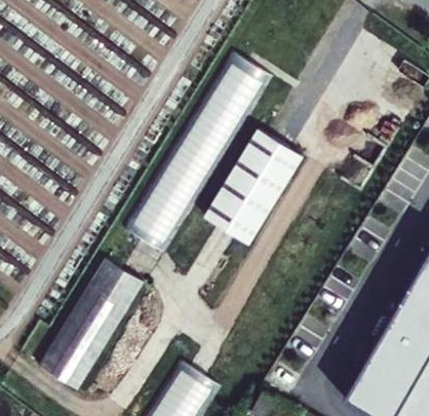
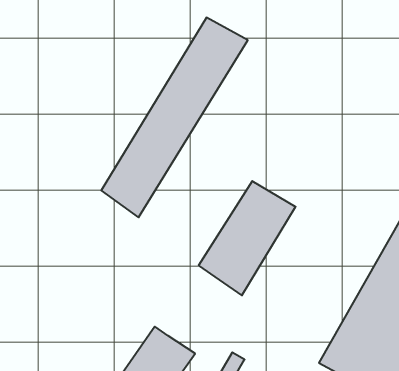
building: [207,130,304,244] -> [199,181,296,295]
building: [41,260,147,389] -> none

